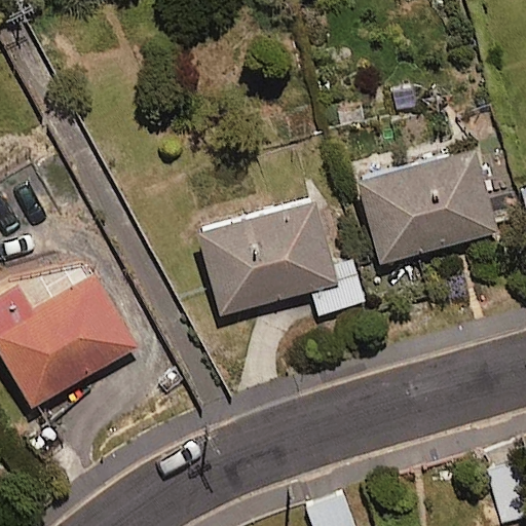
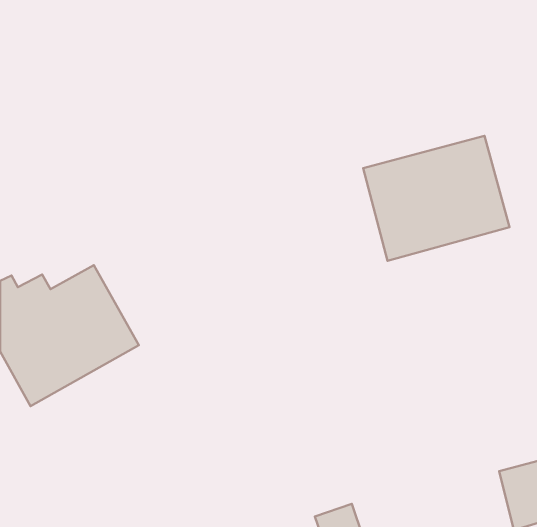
building: [196,198,365,318] -> none

